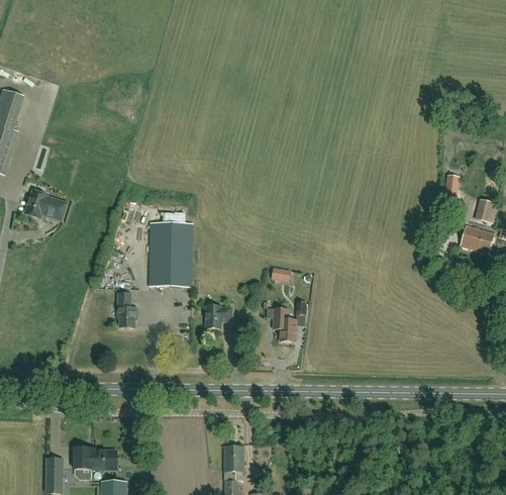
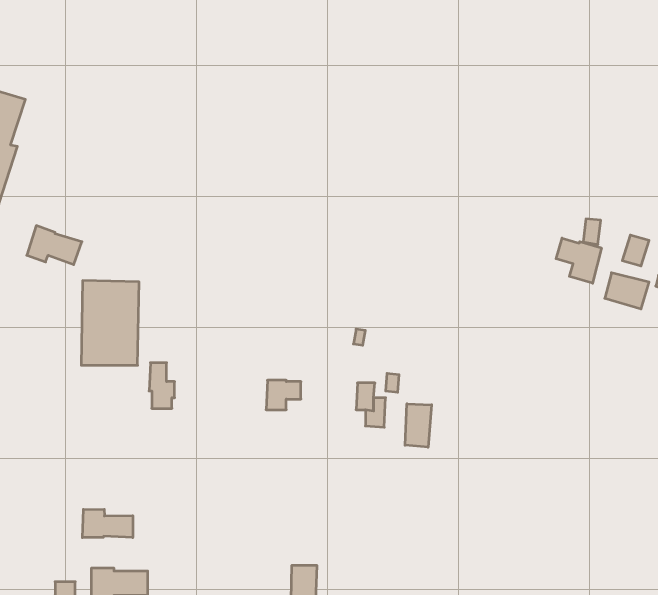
building: none -> [556,238,601,283]
building: [148,222,192,286] -> [81,281,139,365]
building: none -> [405,404,432,447]
building: none -> [82,509,133,538]

